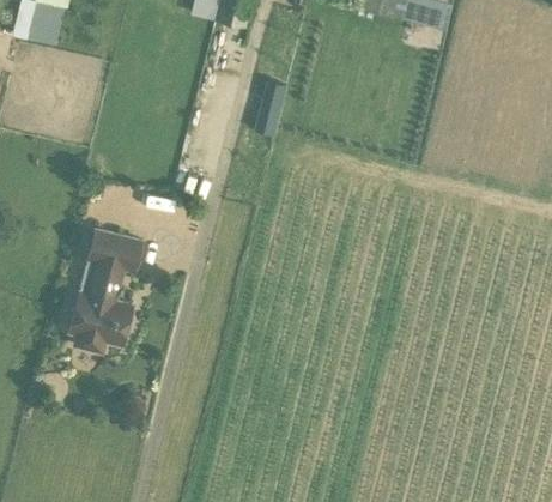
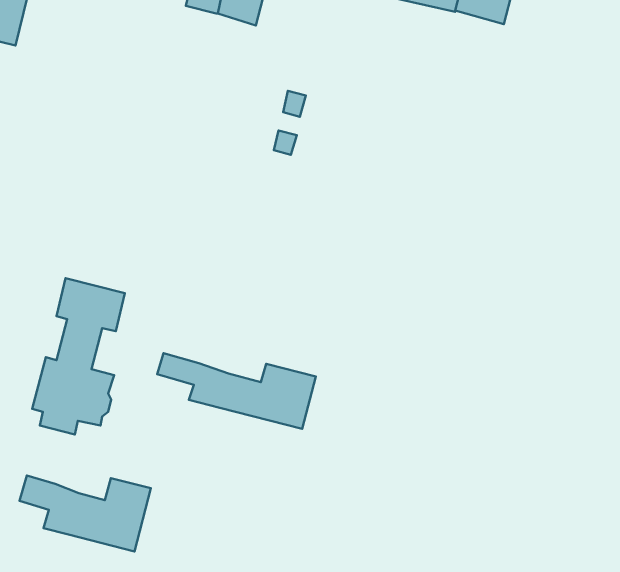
building: none -> [157,353,316,429]
building: none -> [20,476,151,551]

